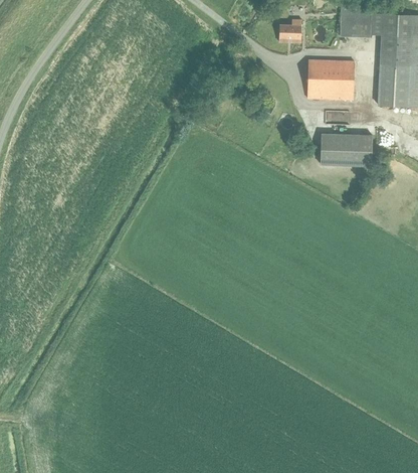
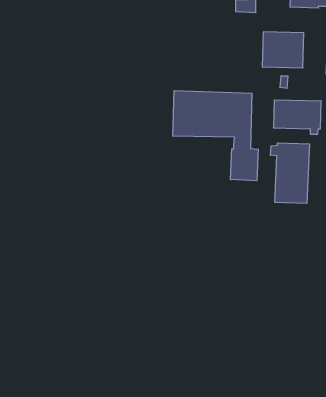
building: none -> [173,91,258,181]
building: none -> [270,143,309,203]

